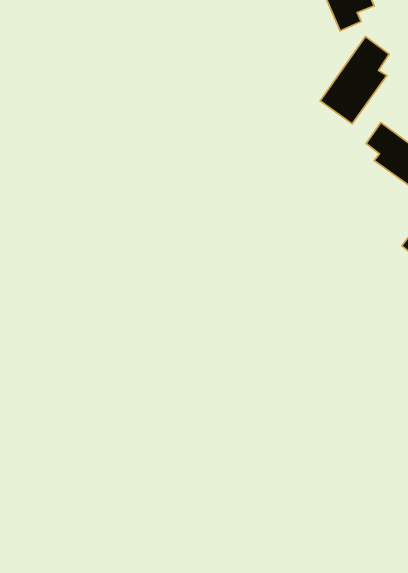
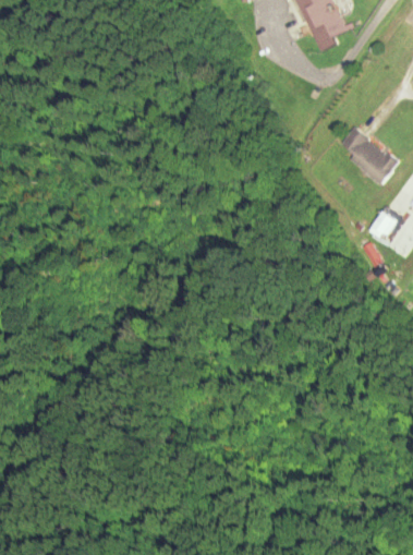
building: [320,36,389,124] -> none

